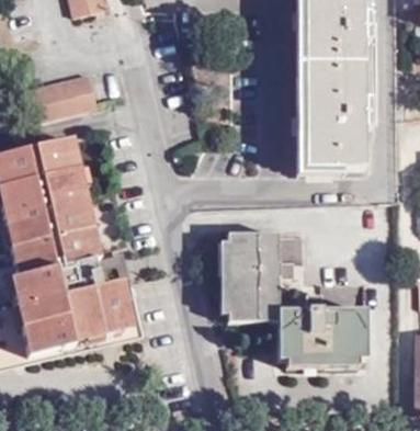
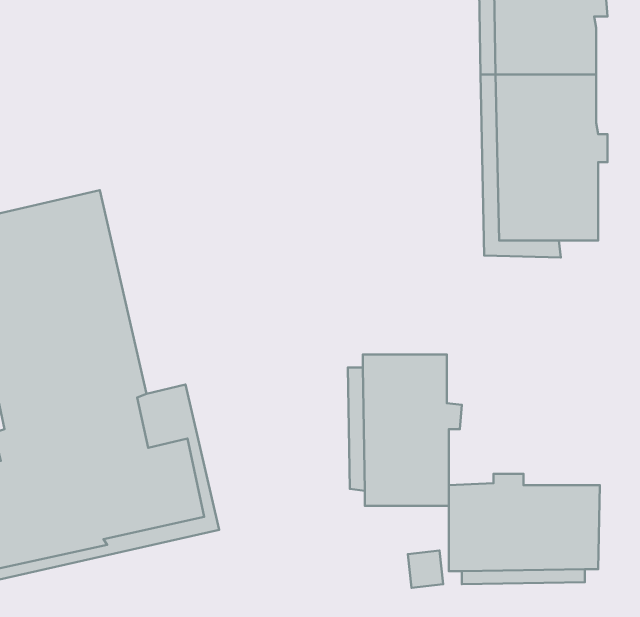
building: [27,75,97,121] -> none

